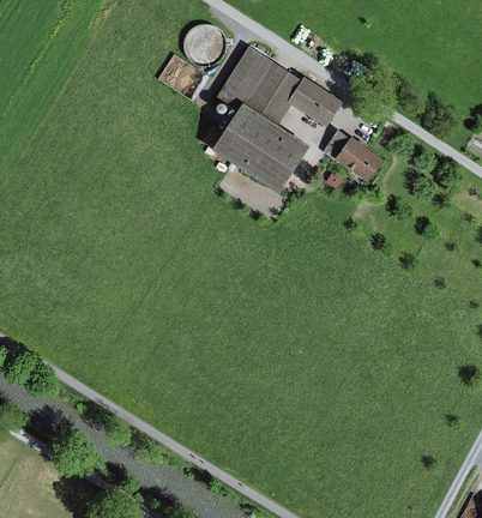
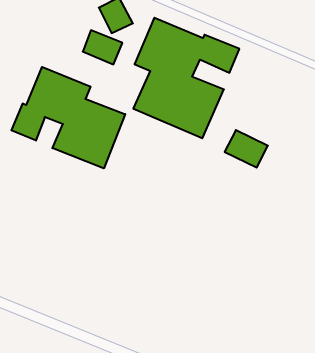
building: none -> [11,67,125,168]
building: [332,135,382,182] -> [225,130,268,168]

